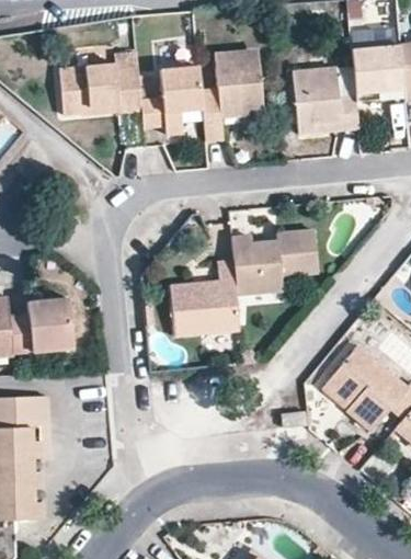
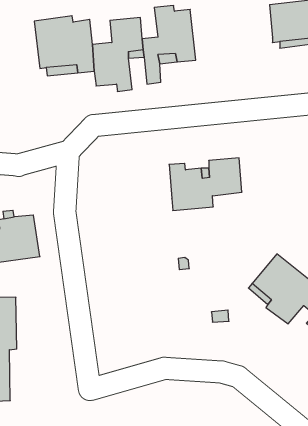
building: [290,58,356,125] -> none
building: [171,278,239,336] -> none

